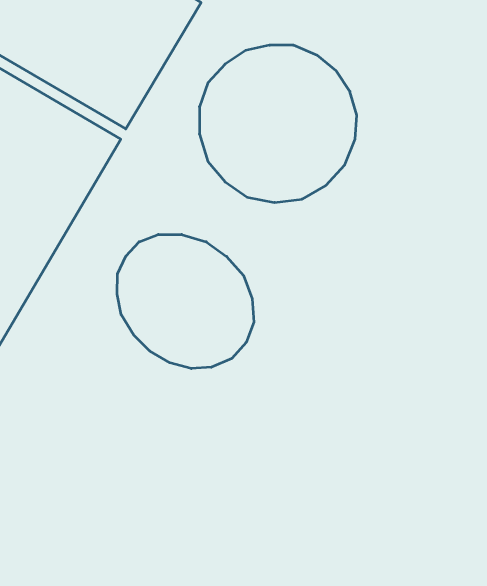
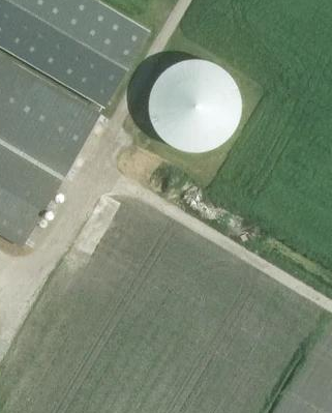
building: [117,234,254,369] -> none

